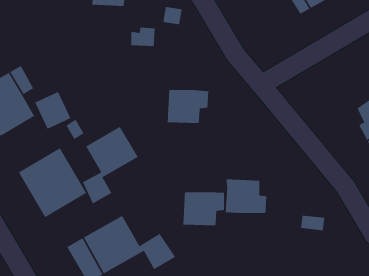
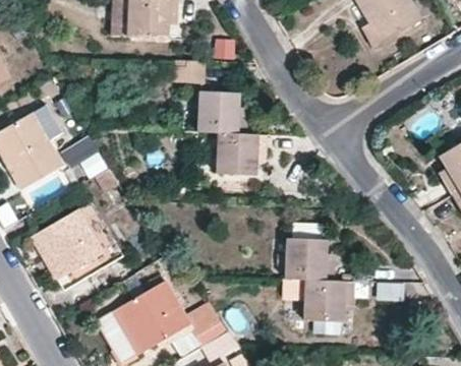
building: none -> [198,92,246,134]
building: [82,126,139,205] -> none
building: [183,191,225,226] -> [304,281,354,321]

